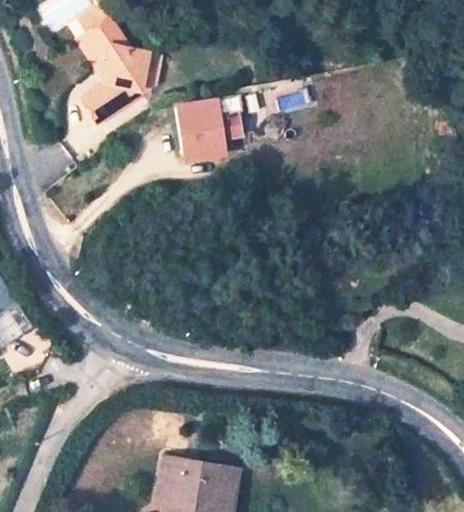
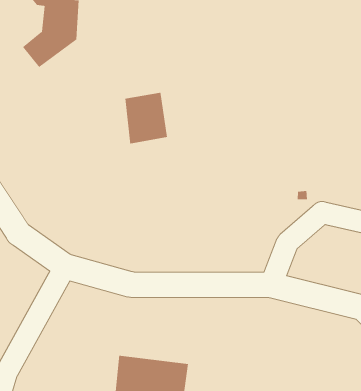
building: [181,105,224,158] -> [125,92,168,144]

